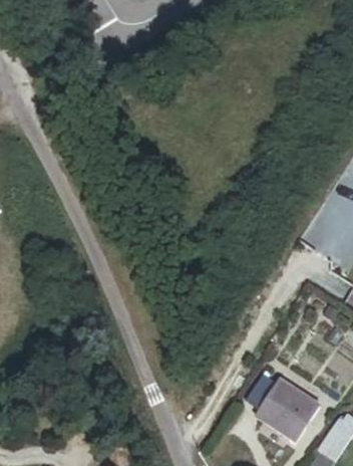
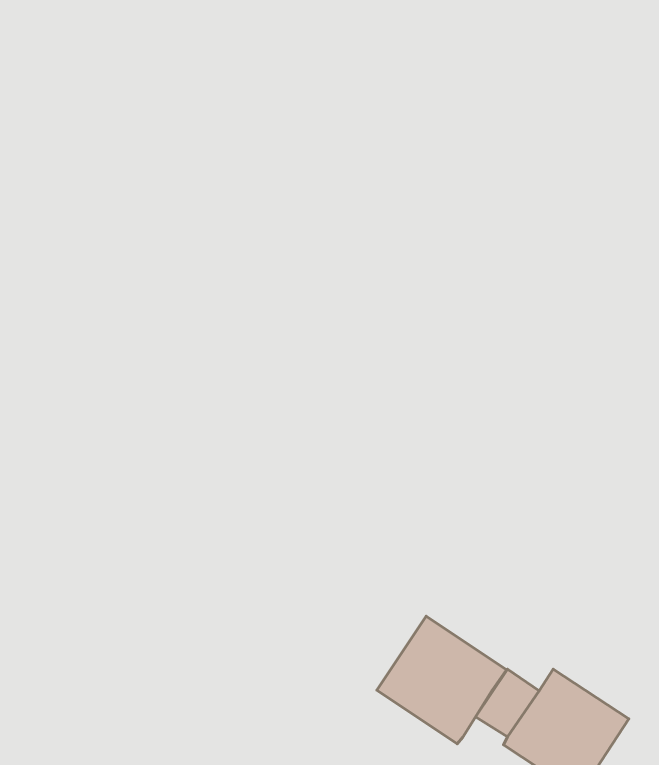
building: none -> [377,616,506,744]

